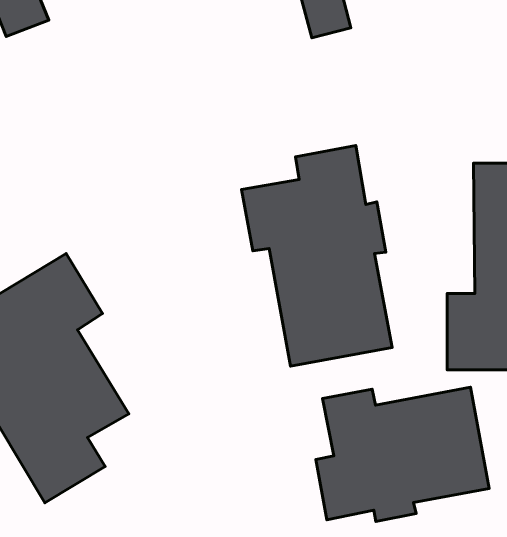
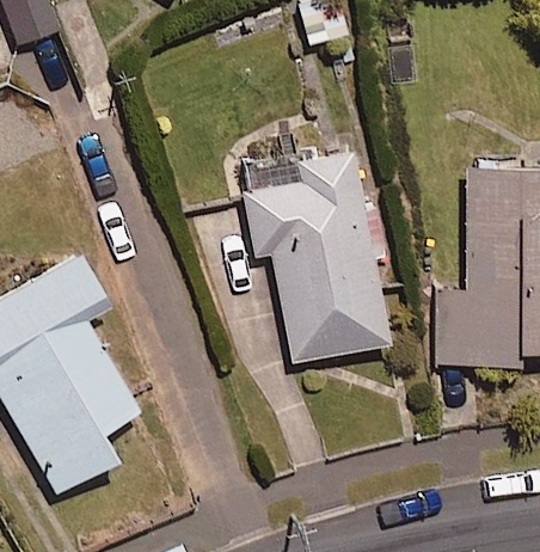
building: [316,387,489,521] -> none

